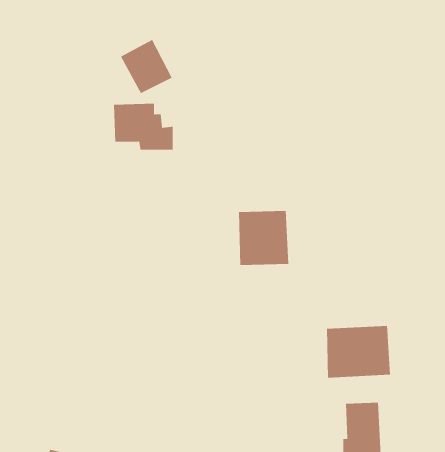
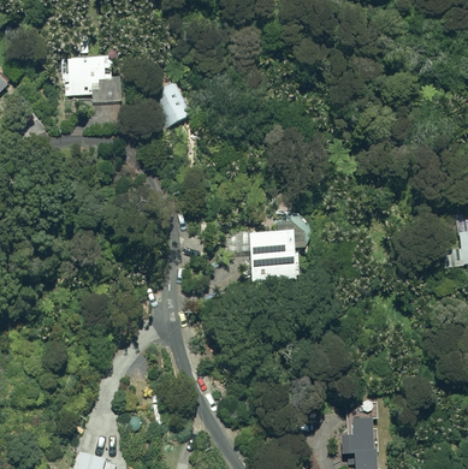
building: [113,103,173,150] -> [65,57,119,99]
building: [326,325,390,379] -> none

